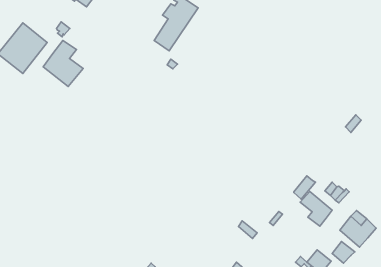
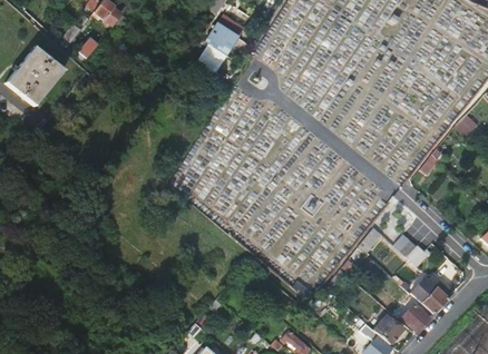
building: [43,41,83,86] -> none
building: [300,191,332,226] -> none

